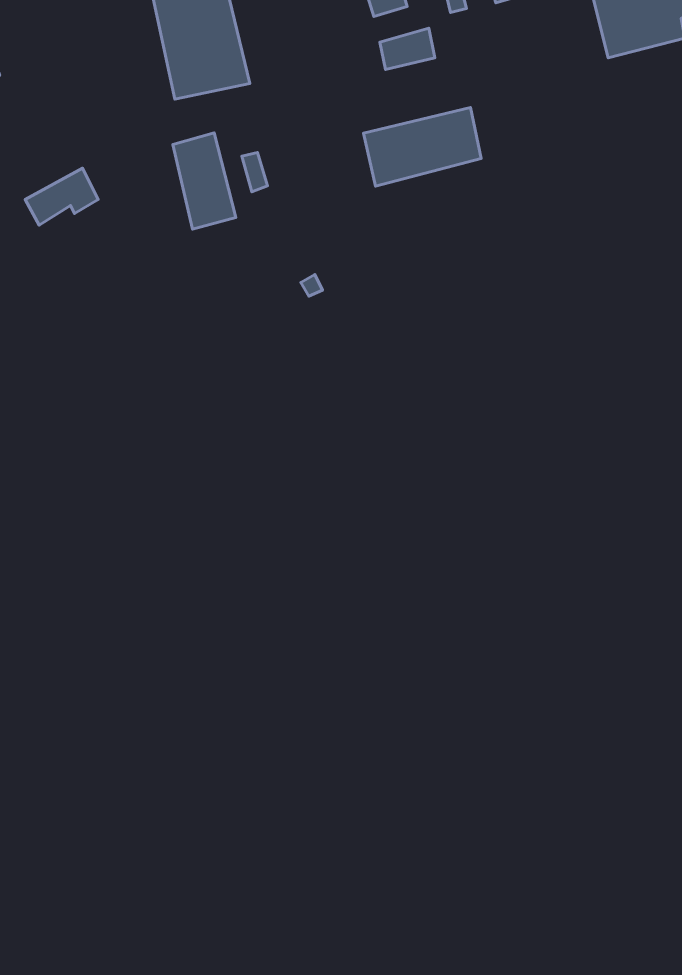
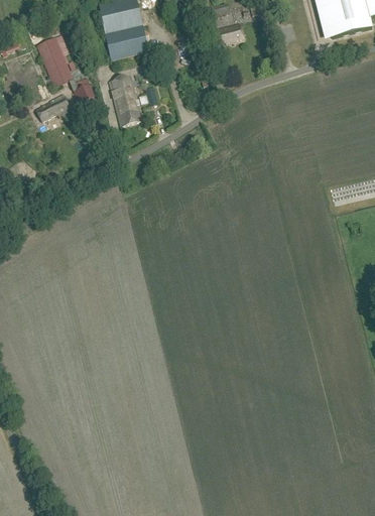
building: none -> [35,33,97,107]
building: [364,107,481,186] -> none

